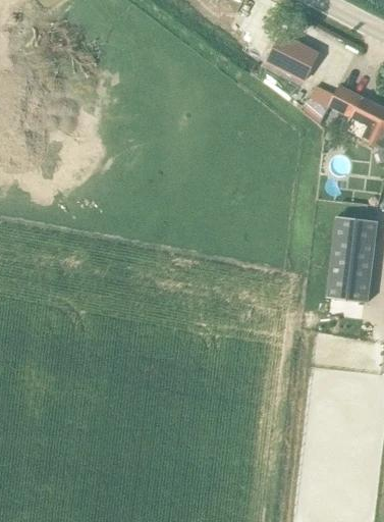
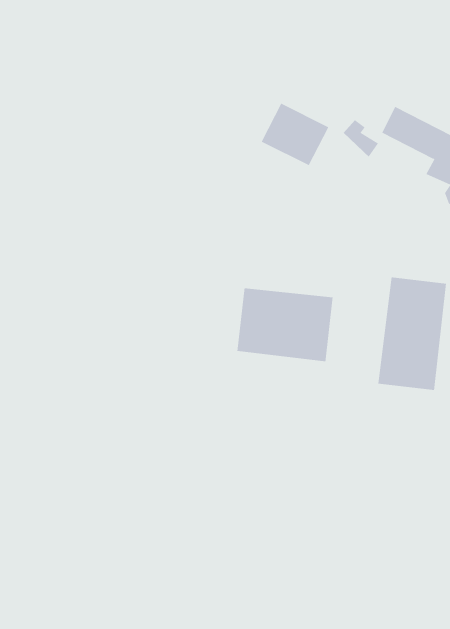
building: [267,33,319,81] -> [261,103,329,166]
building: none -> [237,288,333,362]

